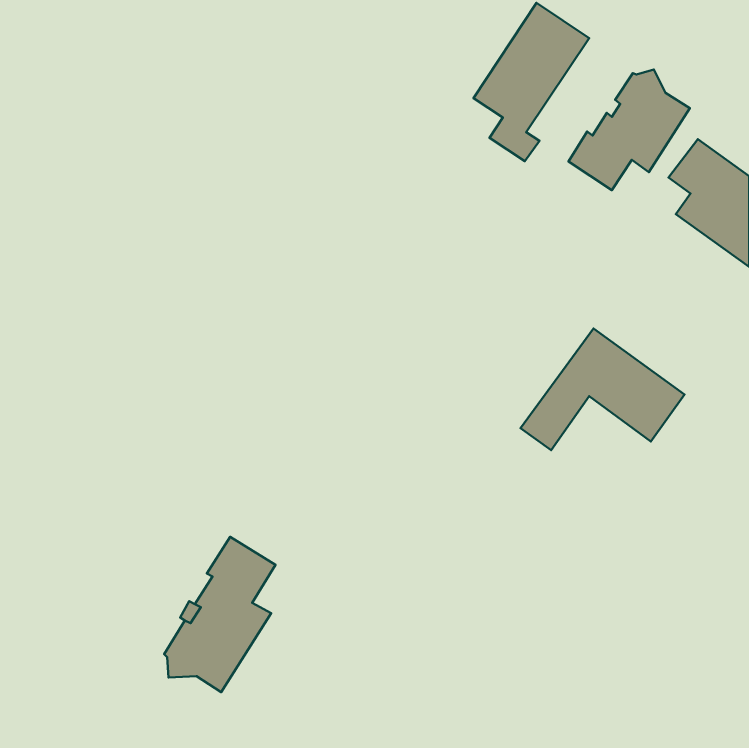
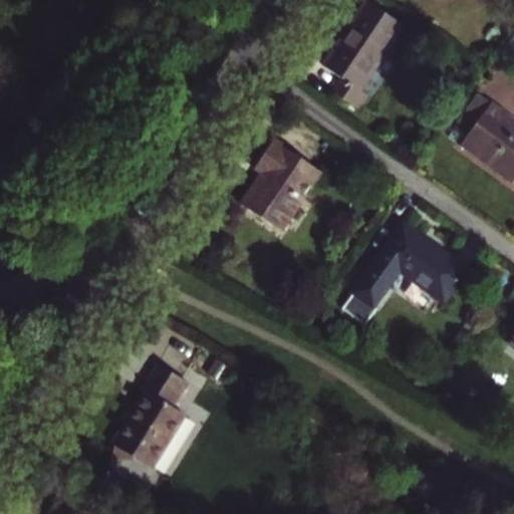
building: [568,70,690,190] -> none
building: none -> [245,141,323,232]

